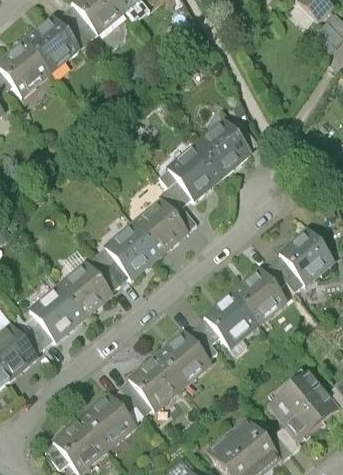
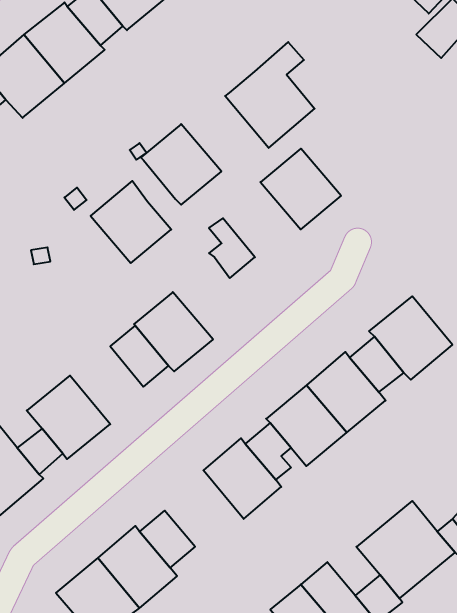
building: none -> [225,42,315,148]
building: [167,143,225,201] -> [141,124,221,205]
building: [133,197,191,256] -> [91,181,171,263]
building: [59,259,115,317] -> none
building: [124,350,184,410] -> none

